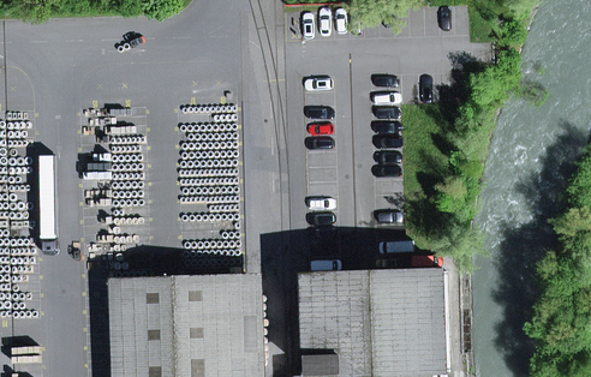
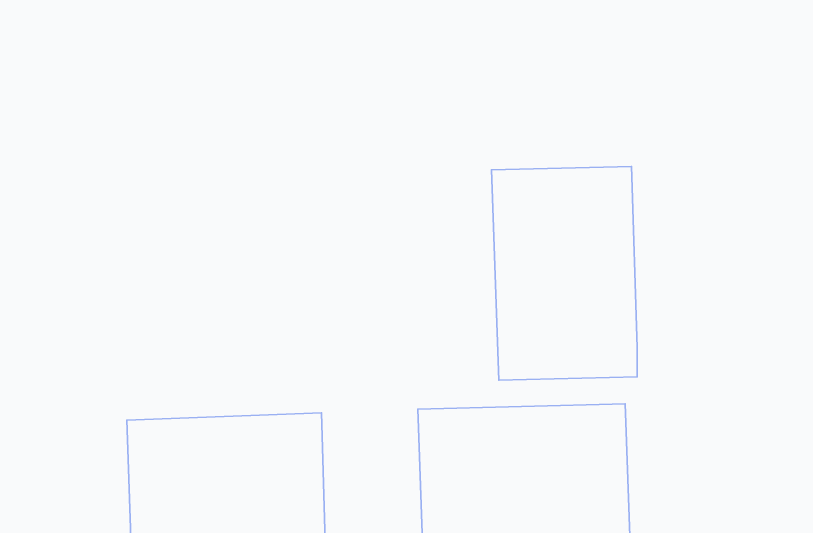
building: none -> [492,166,637,380]

